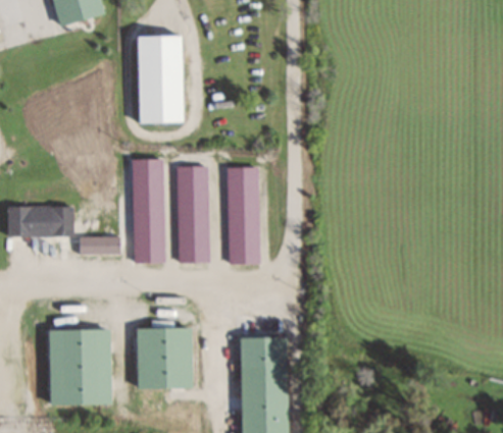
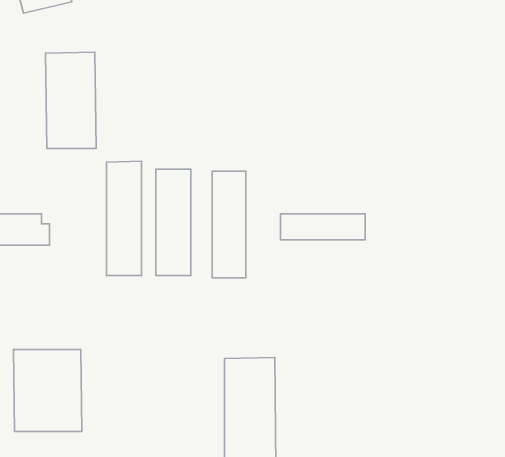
building: [138,35,184,122] -> [46,52,96,148]
building: none -> [280,214,365,240]
building: [82,236,120,254] -> none
building: [138,328,192,388] -> none

